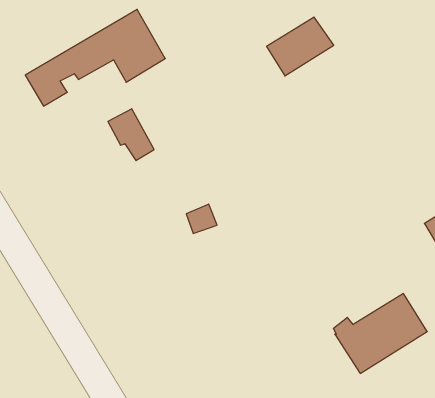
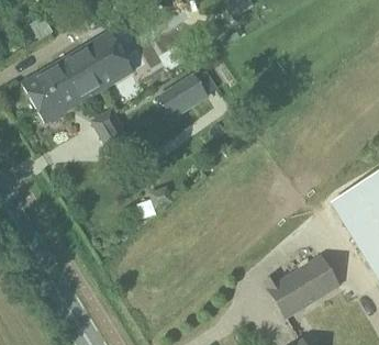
building: [267,17,334,76] -> [156,71,209,118]
building: none -> [37,70,102,121]

